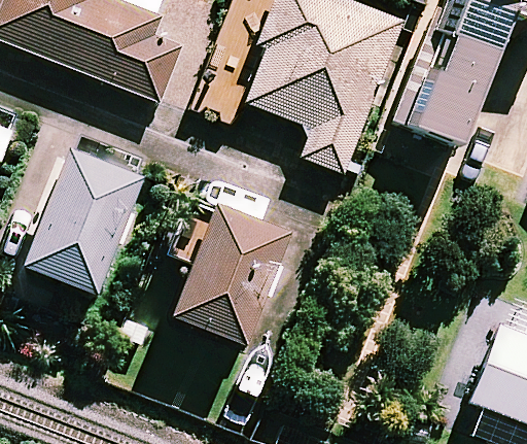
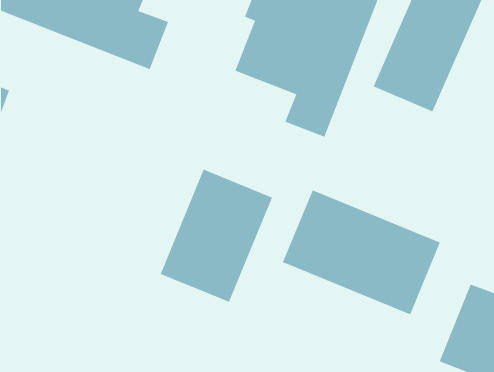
building: [25,137,148,294] -> none
building: none -> [282,190,441,315]

